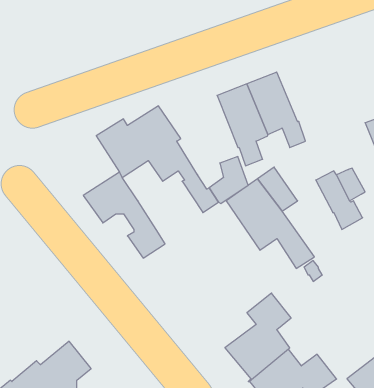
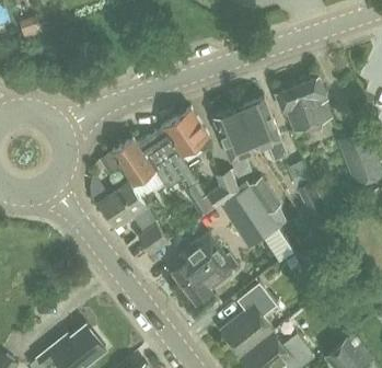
building: none -> [275,78,334,135]
building: none -> [164,110,210,154]
building: none -> [172,233,242,304]

